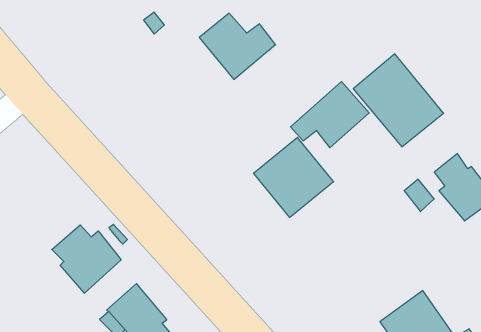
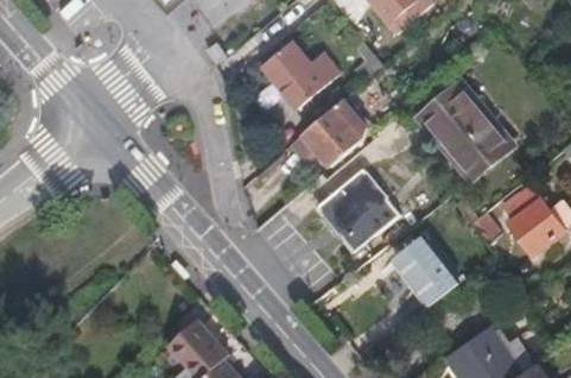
building: [291,82,369,148] -> [290,99,370,166]
building: none -> [393,234,457,302]
building: [52,225,121,293] -> none

